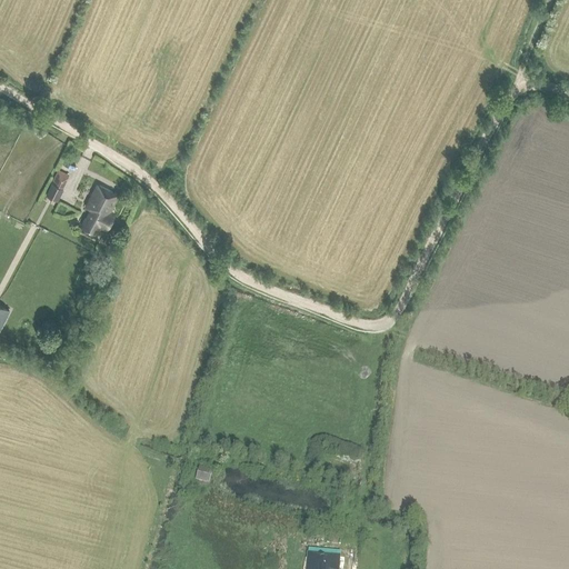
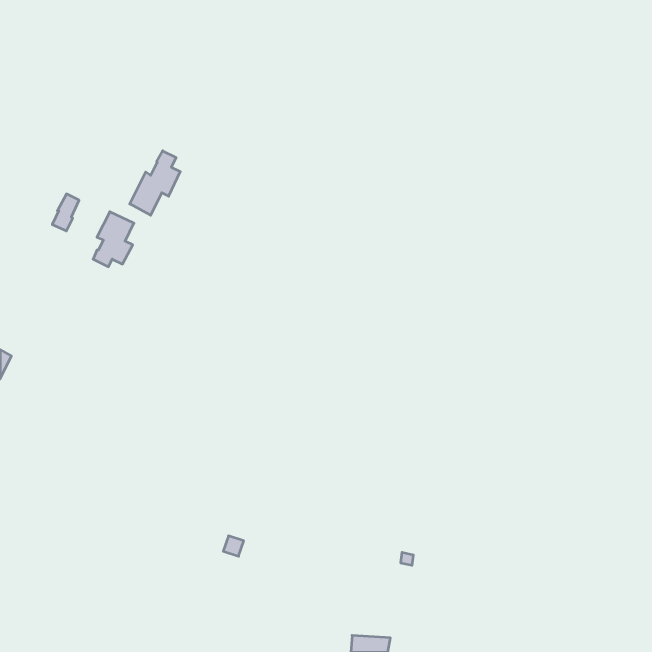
building: none -> [130,151,180,215]

